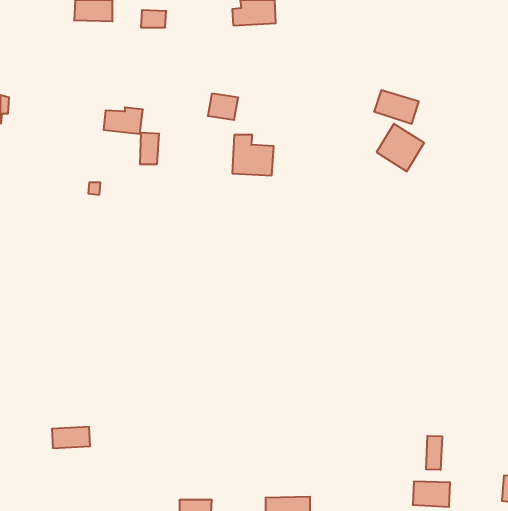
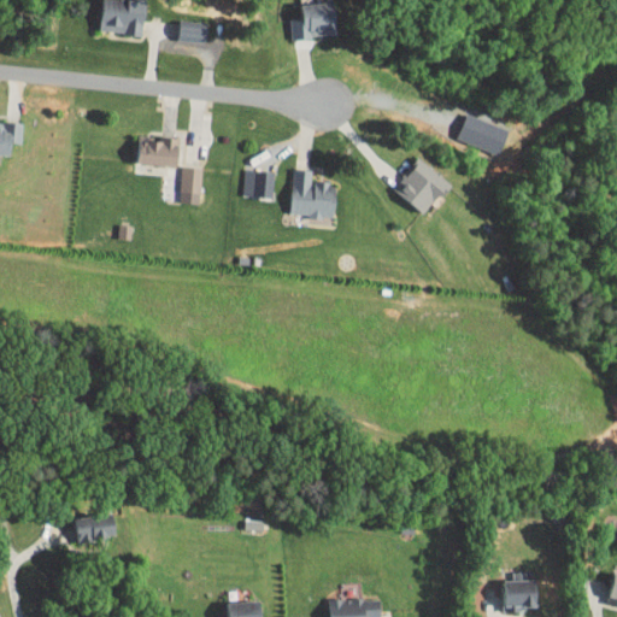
building: [208,94,238,120] -> [240,168,276,199]
building: [377,124,424,171] -> [394,158,451,215]
building: [426,436,442,470] -> none

